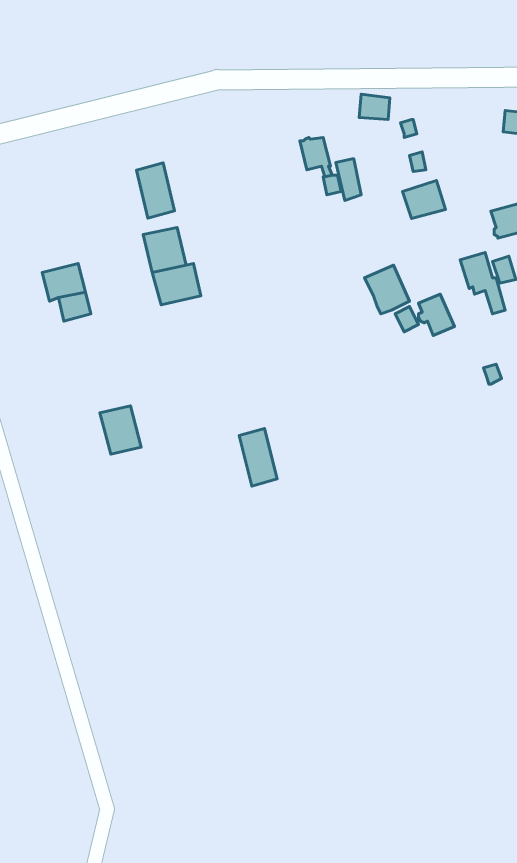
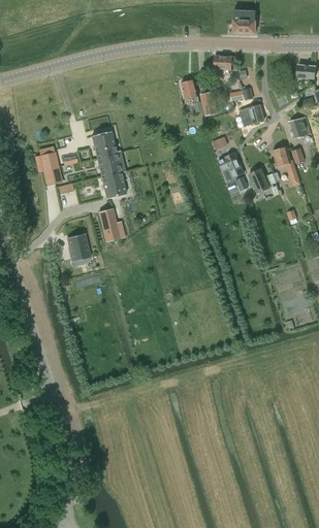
building: none -> [233,10,256,32]
building: [136,163,175,218] -> none
building: none -> [101,171,125,198]
building: [239,428,277,486] -> [98,208,120,241]

